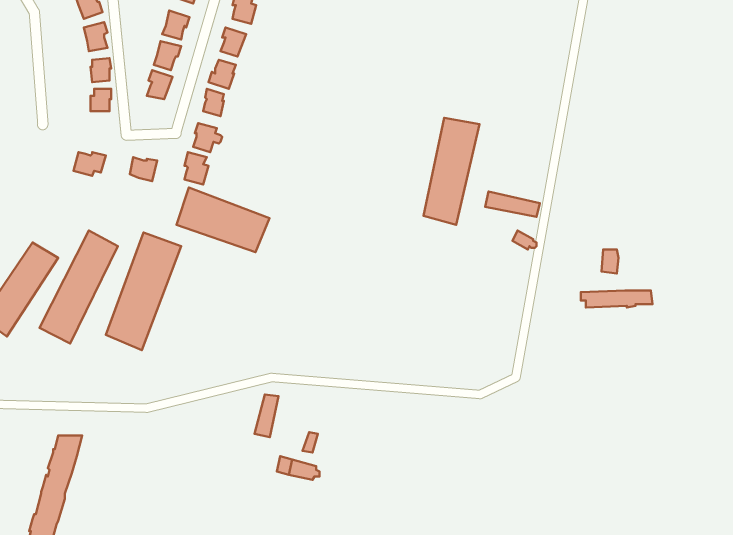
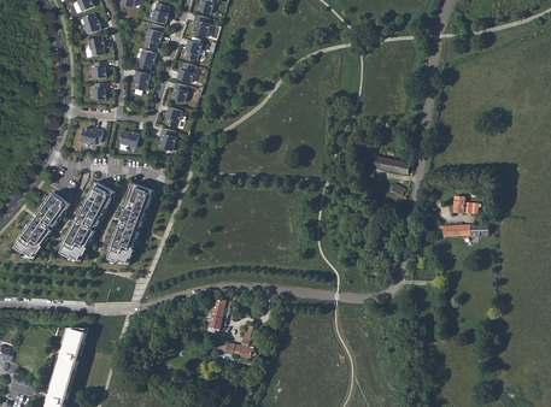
building: [423,118,480,225] -> none
building: [176,188,270,252] -> none

